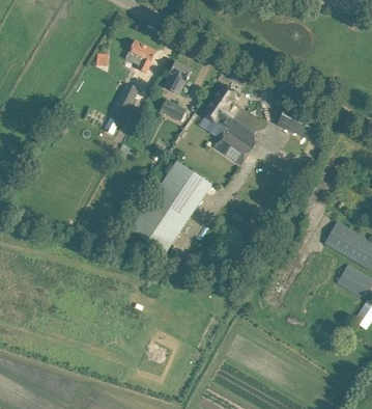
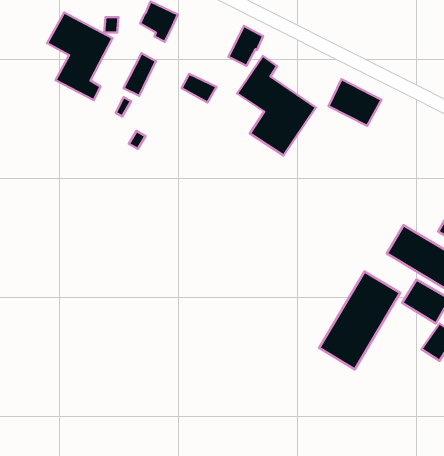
building: none -> [47,12,113,100]
building: [164,61,192,93] -> [228,26,263,66]
building: [131,160,212,253] -> none
building: none -> [319,271,400,369]

